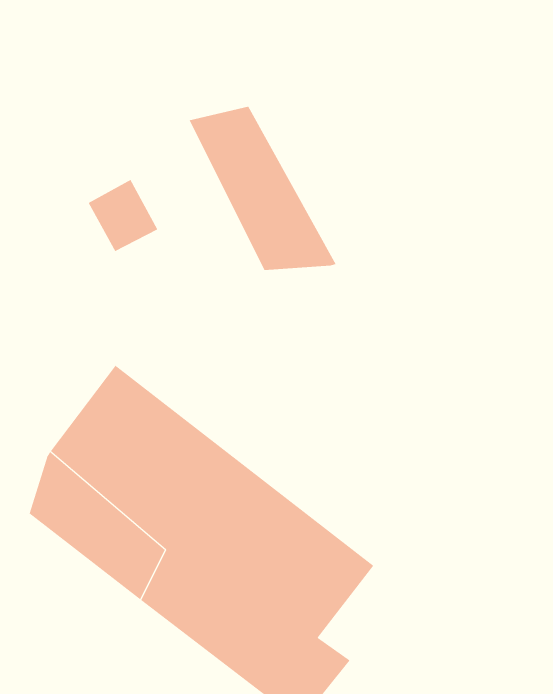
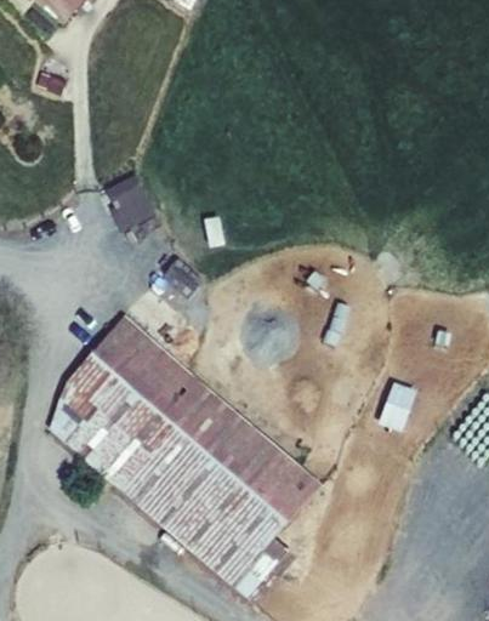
building: [189,106,336,271] -> none

